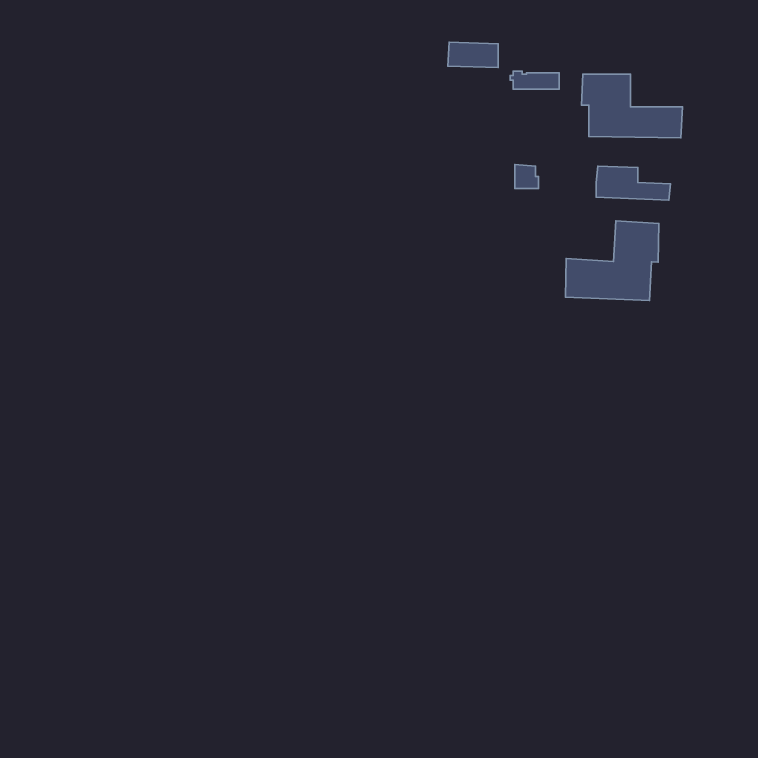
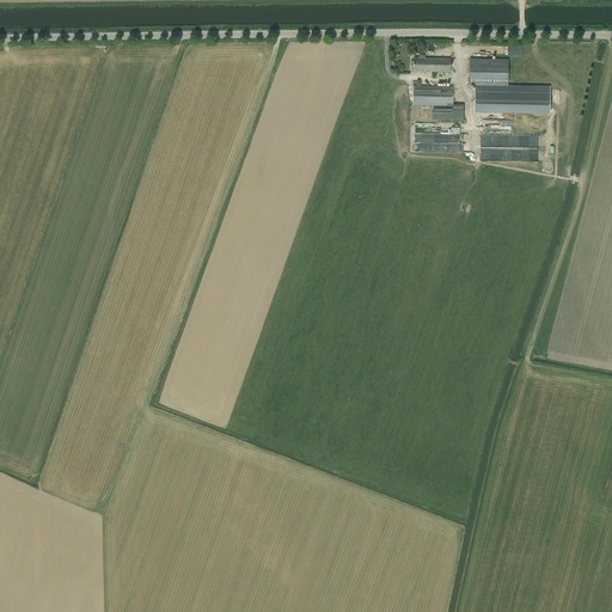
building: [448,42,498,67] -> [412,86,453,106]
building: [566,221,659,301] -> none

